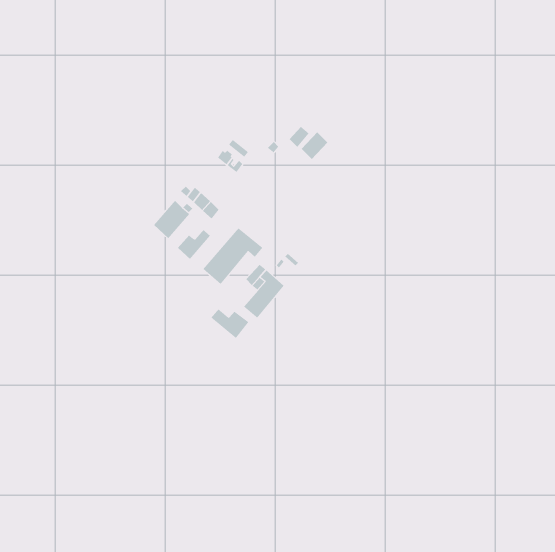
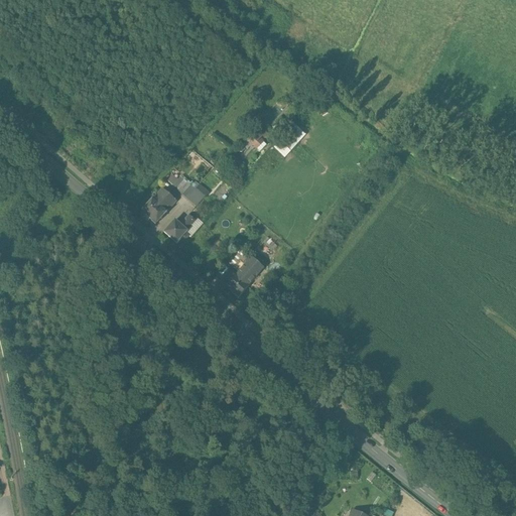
building: [203,228,263,285] -> none
building: [211,309,249,339] -> none

